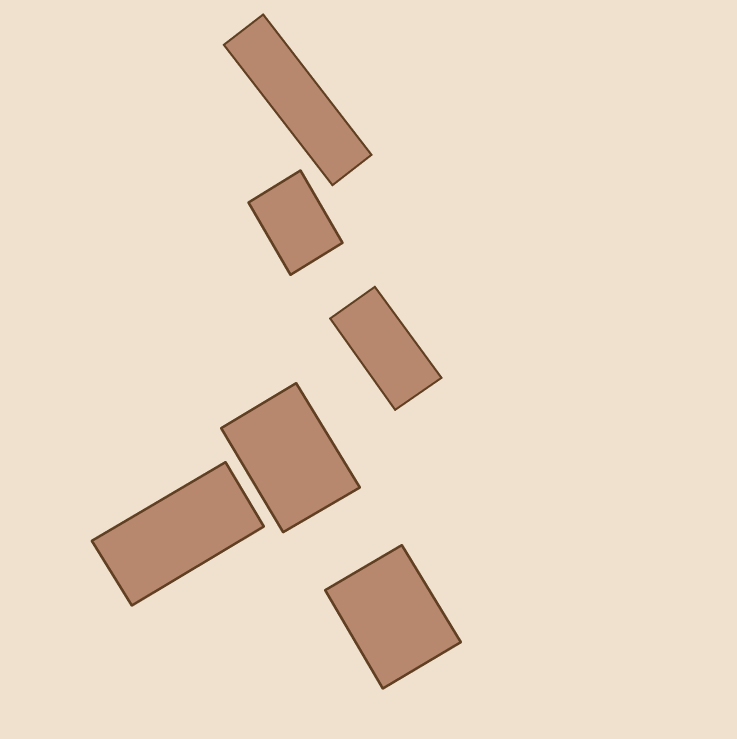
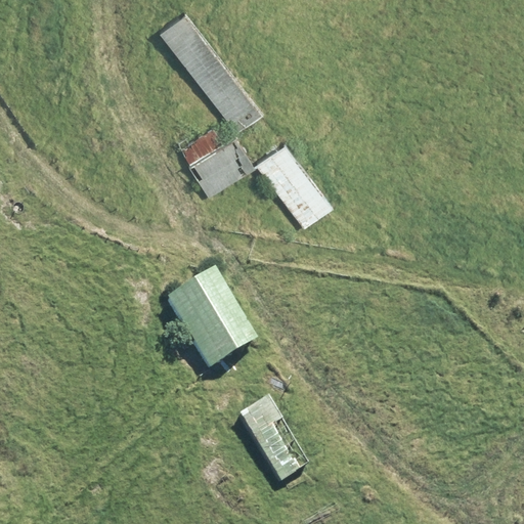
building: [330,287,441,410] -> [255,141,334,228]
building: [92,462,264,605] -> none

